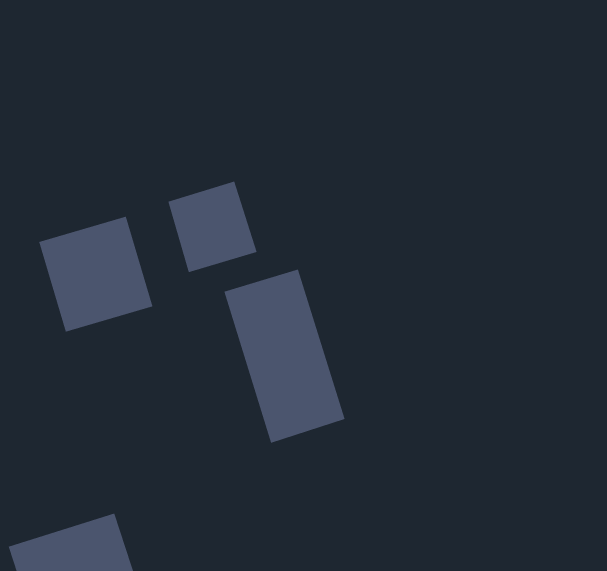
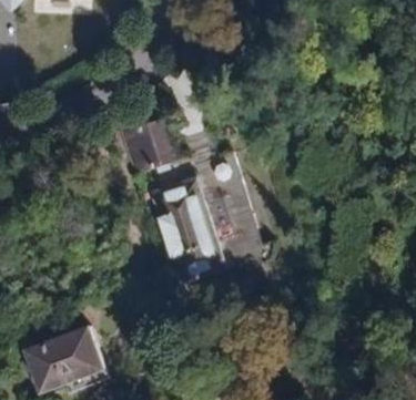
building: [39,216,153,332] -> none

